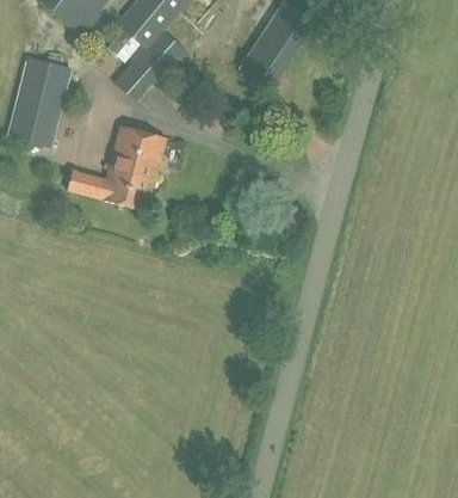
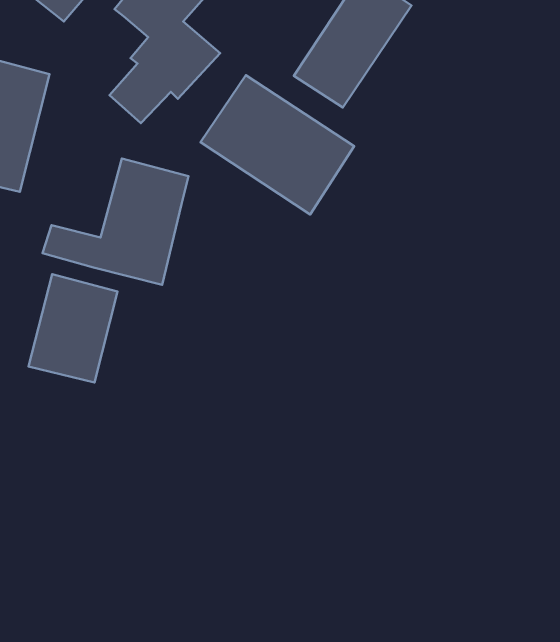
building: none -> [200,75,354,215]
building: none -> [28,274,117,383]

